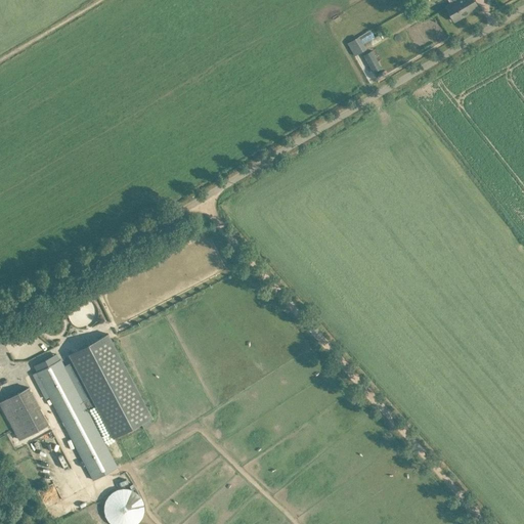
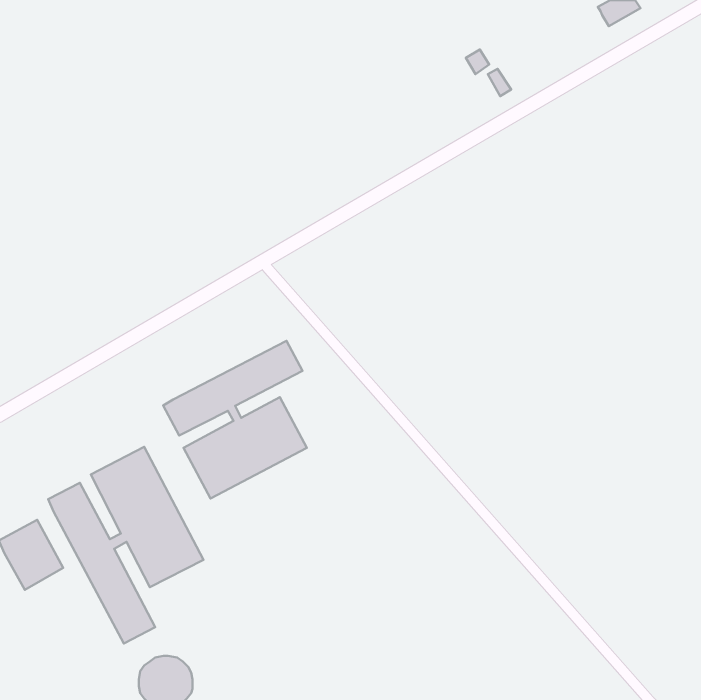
building: none -> [163,341,307,498]

